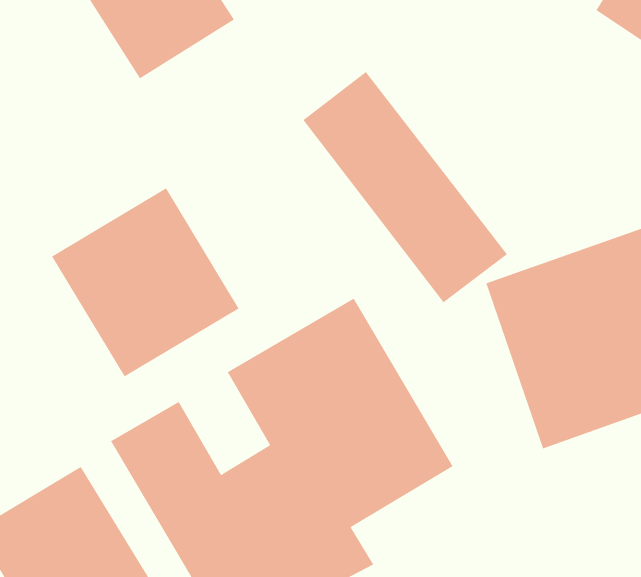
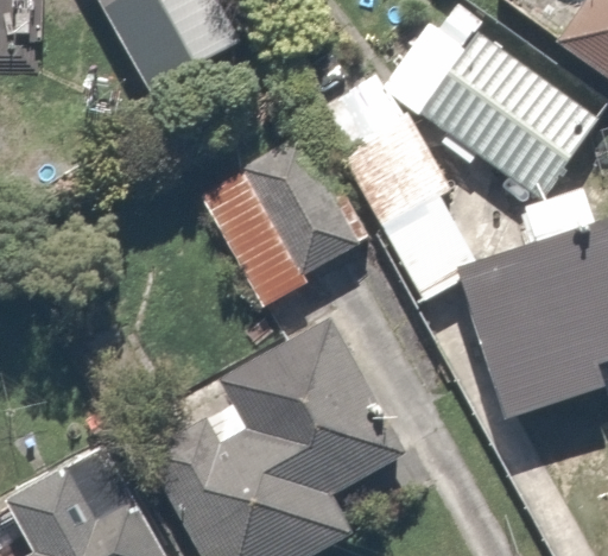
building: none -> [412,40,596,213]
building: [51,188,240,377] -> [191,139,360,309]

